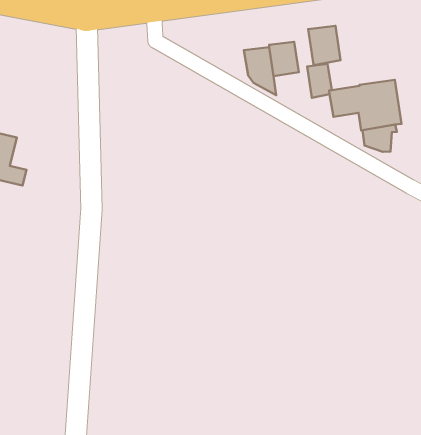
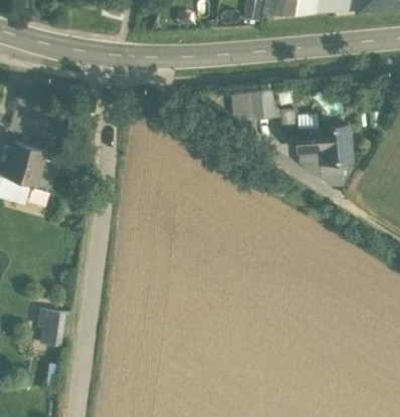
building: [308,26,341,65] -> none
building: none -> [37,310,69,344]

